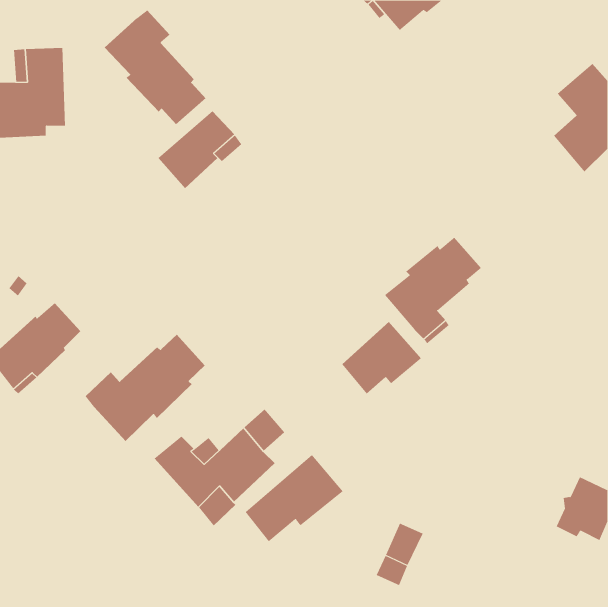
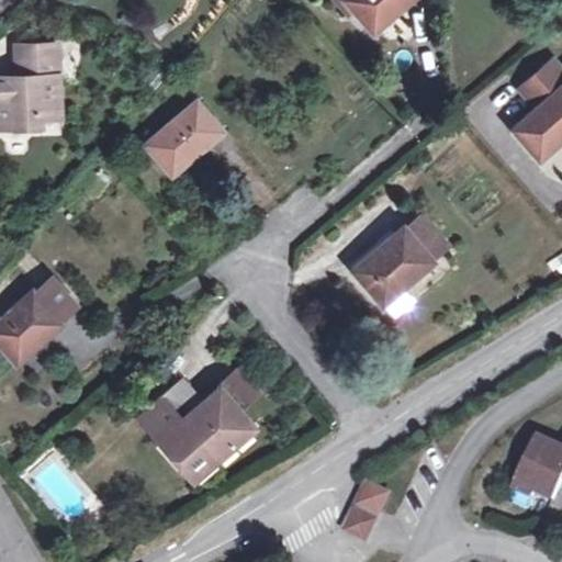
building: [104,9,207,125] -> none
building: [341,321,422,395] -> none
building: [85,334,206,442] -> none
building: [245,454,343,542] -> none

